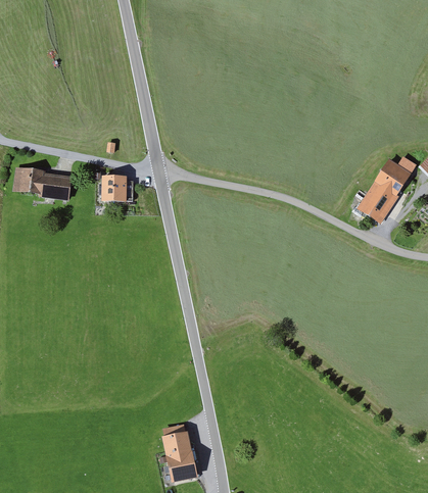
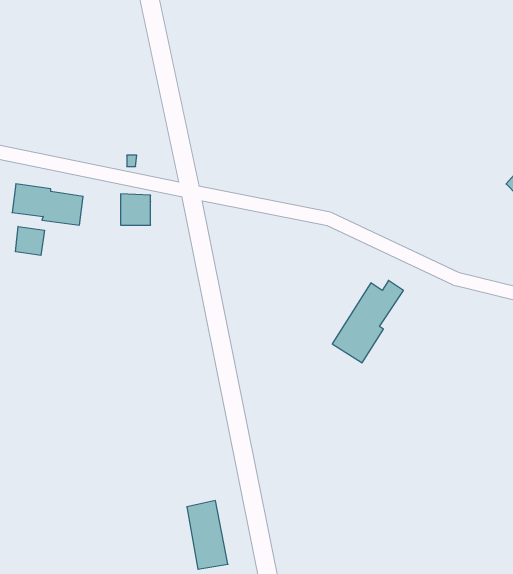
building: [358,156,416,224] -> [332,280,403,363]
building: none -> [16,226,44,255]

